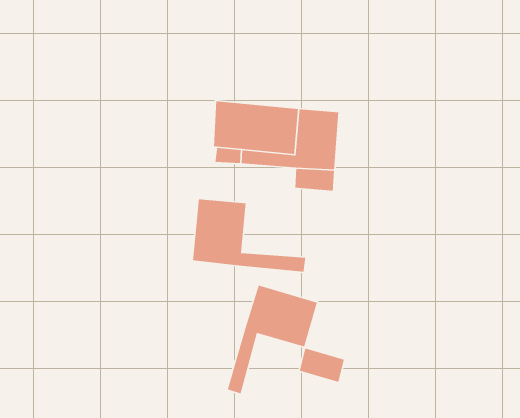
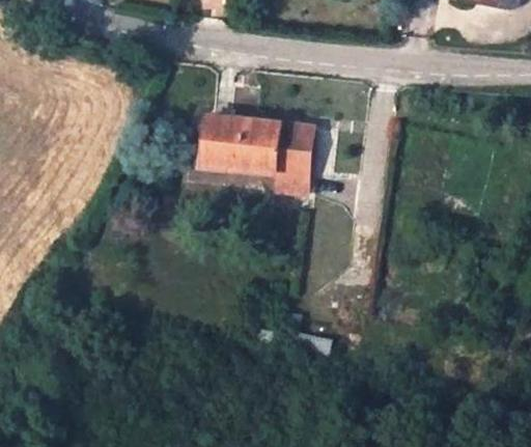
building: [192,198,306,272] -> none
building: [227,285,318,394] -> none

